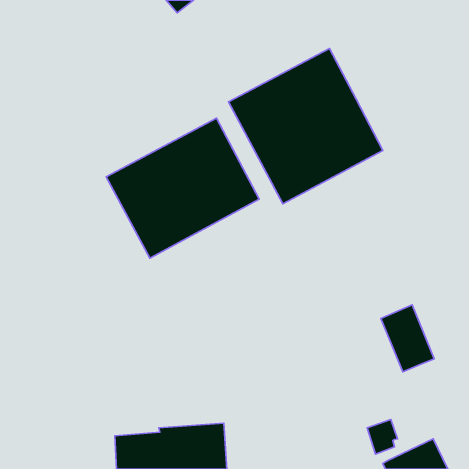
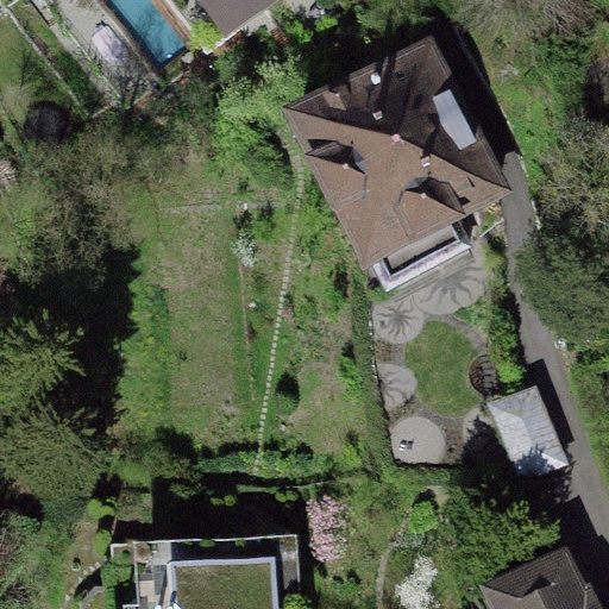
building: [106,118,259,258] -> none

